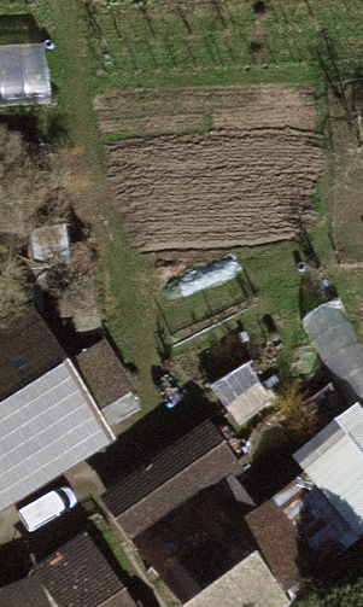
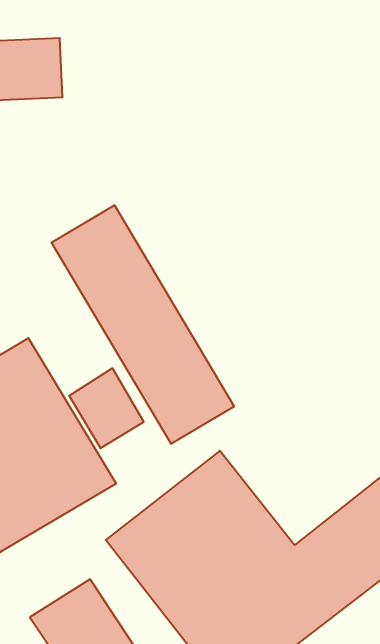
building: none -> [51,205,234,444]

